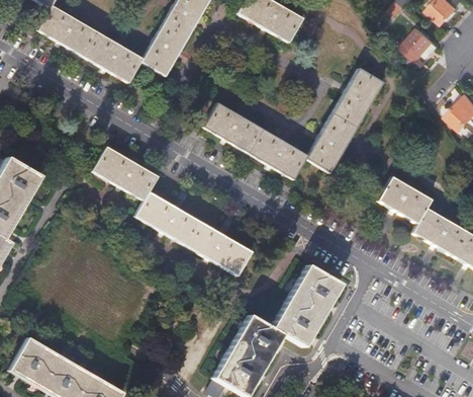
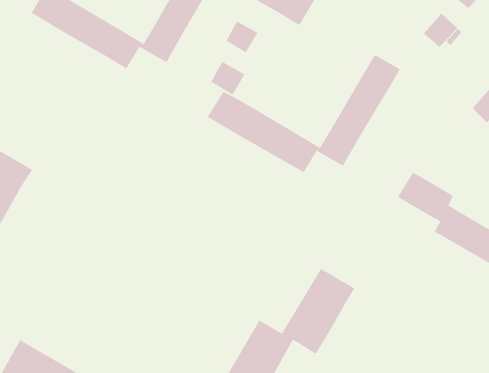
building: none -> [226,21,258,53]
building: none -> [211,61,245,95]
building: [91,146,251,275] -> none

